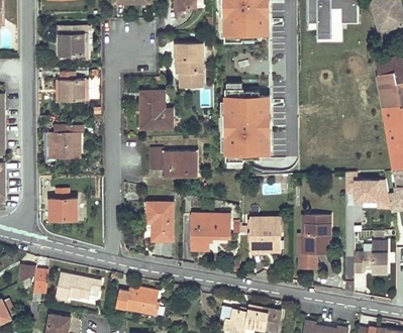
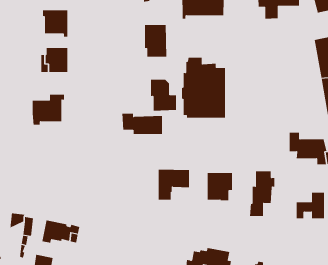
building: [140,92,172,129] -> [150,79,177,111]
building: [48,190,77,220] -> none
building: [146,203,172,241] -> none
building: [115,289,159,316] -> none

